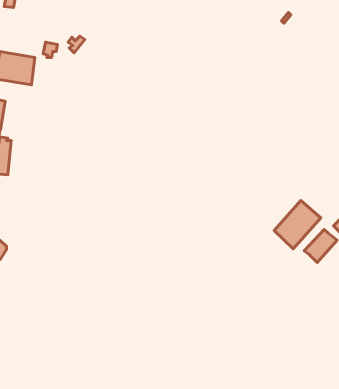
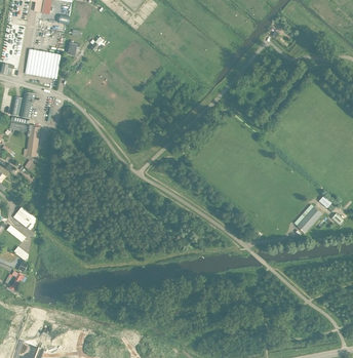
building: [274,200,321,249] -> none

